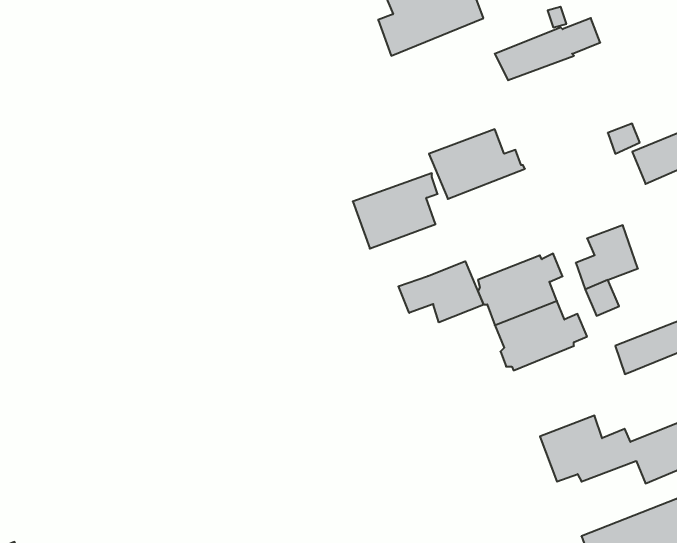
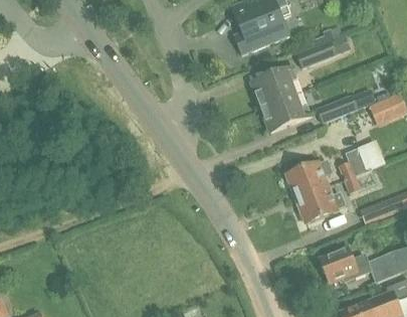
building: none -> [316,94,357,123]
building: [353,173,438,249] -> [250,66,295,107]
building: [398,261,484,322] -> none

